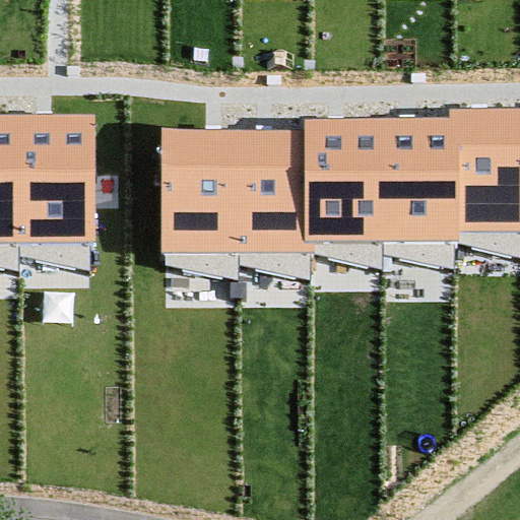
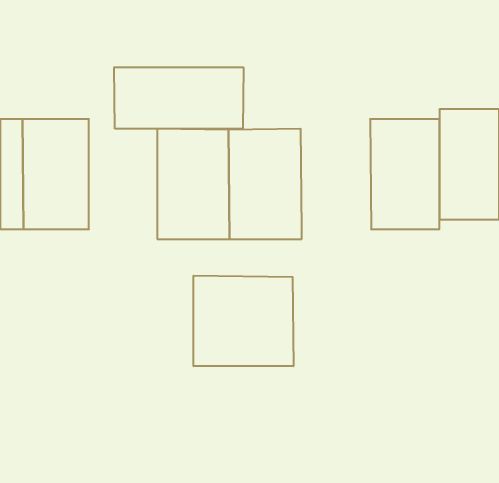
building: none -> [114,67,243,129]
building: [313,124,386,239] -> none
building: none -> [194,276,293,366]

